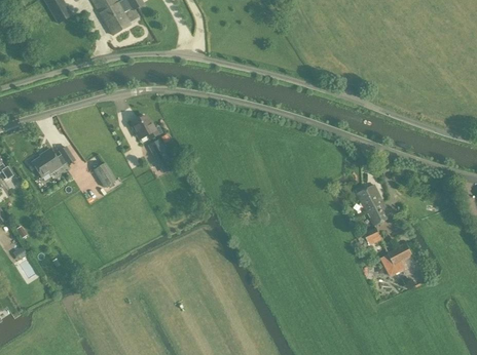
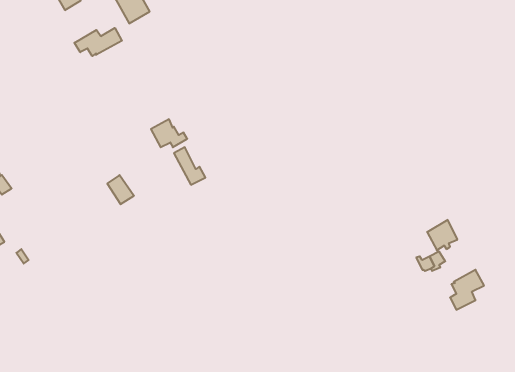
building: none -> [74,28,122,56]
building: [31,146,74,176] -> none
building: [356,184,381,210] -> none

